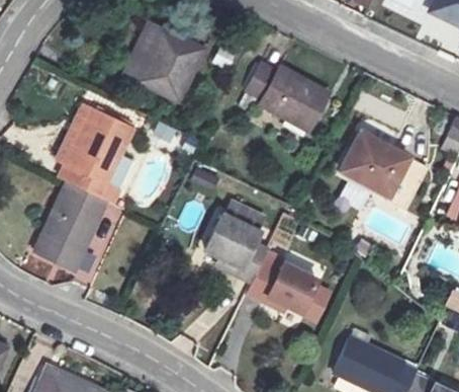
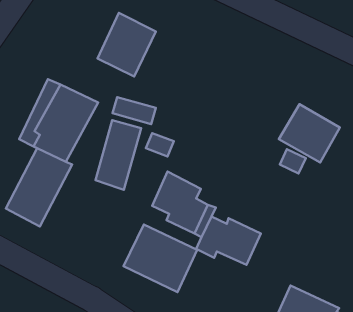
building: [246,65,331,130] -> none
building: none -> [95,120,141,190]
building: none -> [124,225,197,292]

